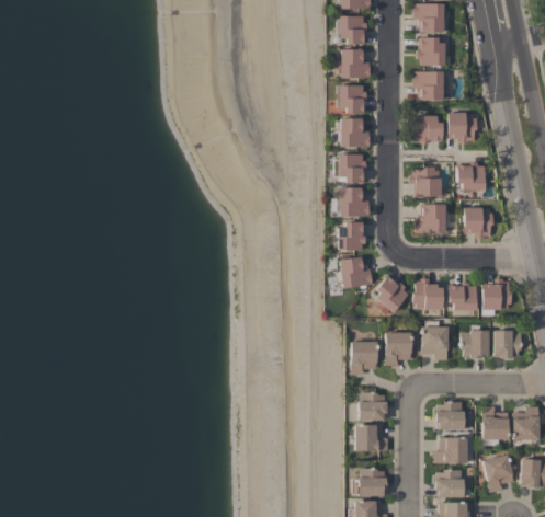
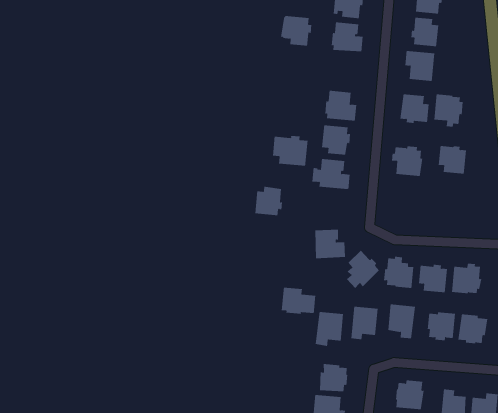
building: [337,85,367,114] -> [280,15,312,46]
building: none -> [272,135,308,167]
building: [416,205,446,233] -> none
building: [464,208,493,240] -> none
building: [339,222,366,251] -> [254,186,283,216]
building: none -> [281,287,316,315]

